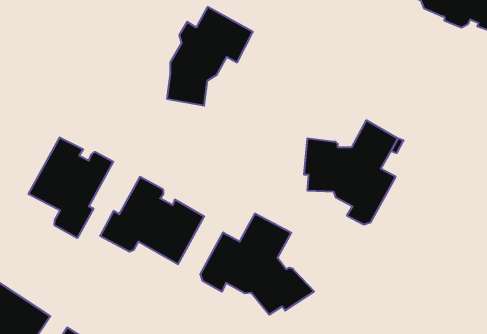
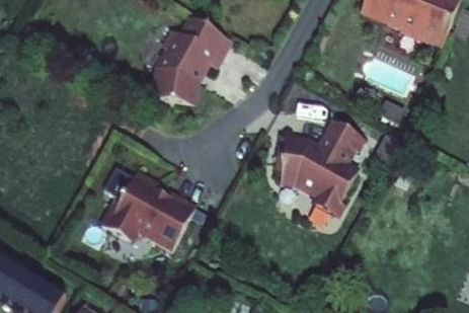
building: [29,137,113,238] -> none
building: [200,213,314,315] -> none

